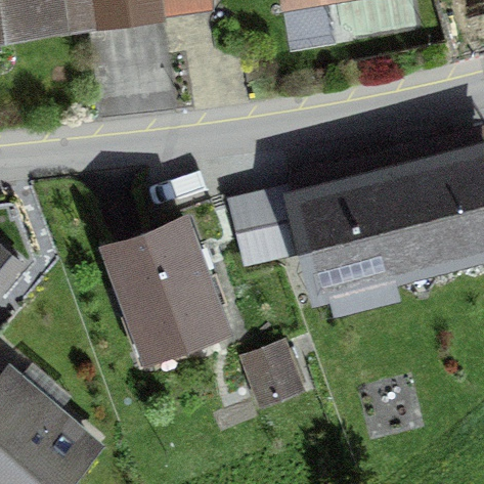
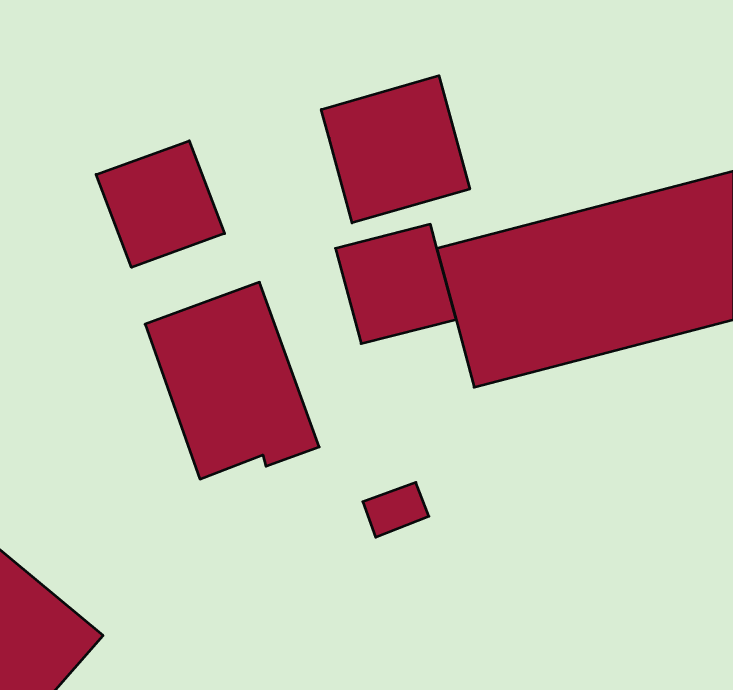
building: none -> [321,76,470,223]
building: none -> [96,141,225,267]

